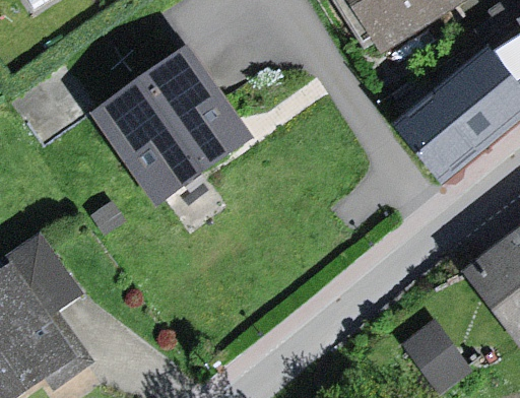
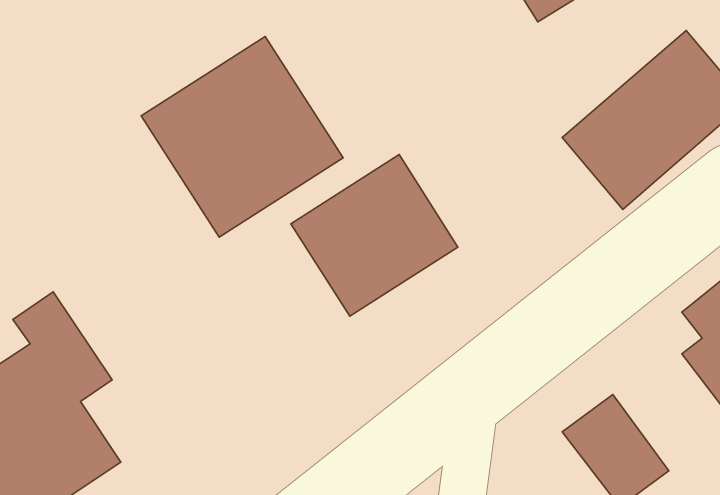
building: none -> [291,155,458,316]

